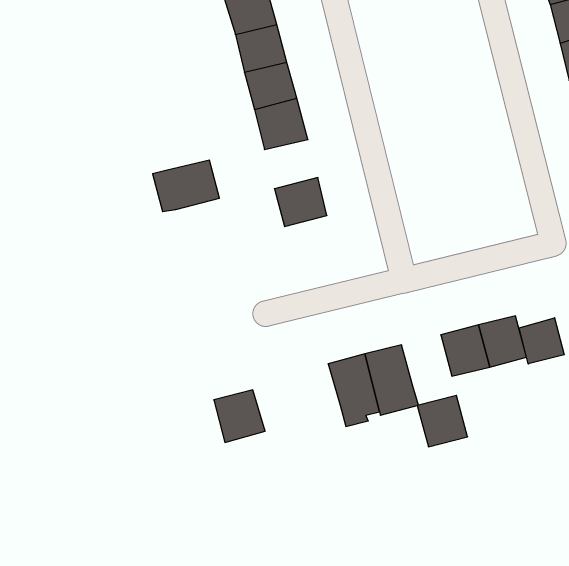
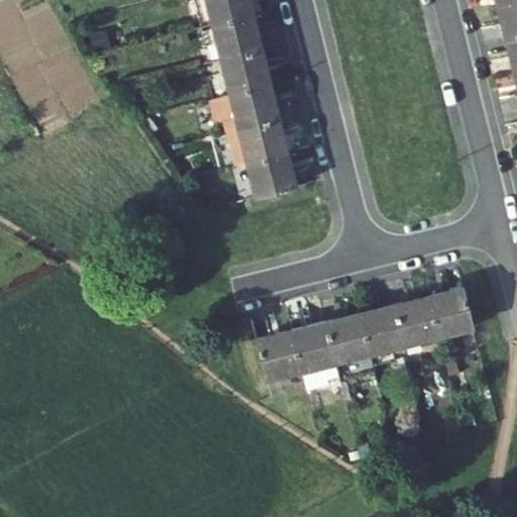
building: [153,160,219,212] -> [228,126,289,173]
building: [519,318,564,364] -> none
building: [214,390,265,442] -> [263,329,309,377]
building: [417,395,468,447] -> [365,303,410,349]

